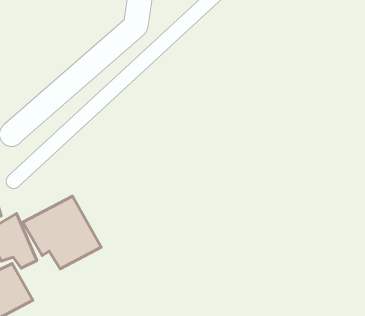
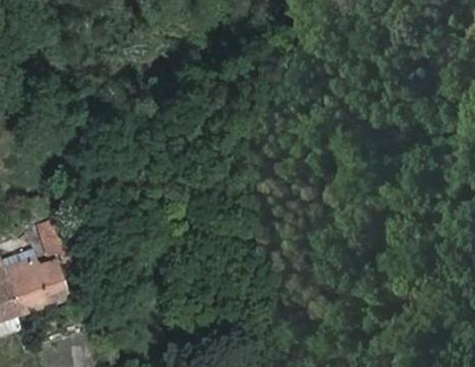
building: [23,196,101,269] -> none

